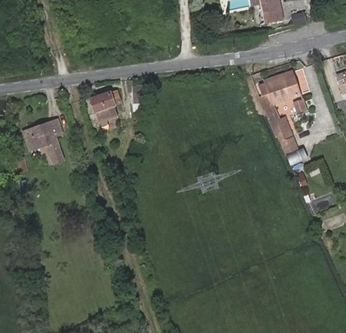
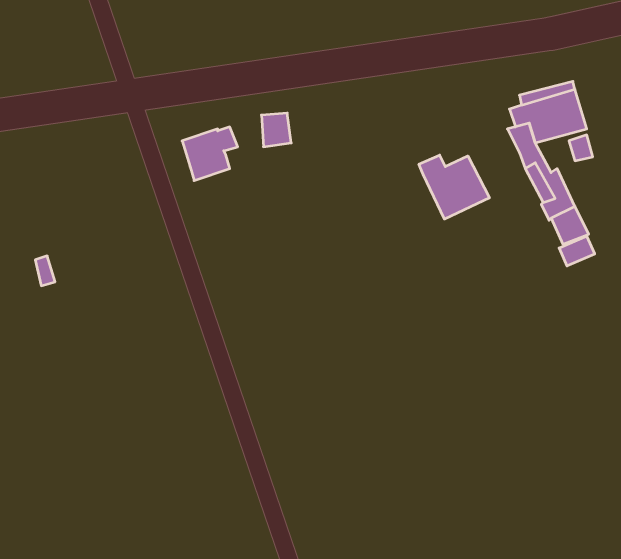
building: none -> [419,155,489,219]
building: [26,121,65,163] -> none

